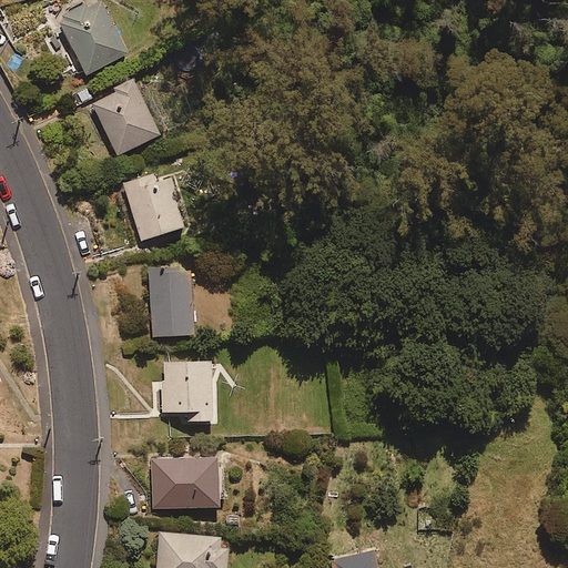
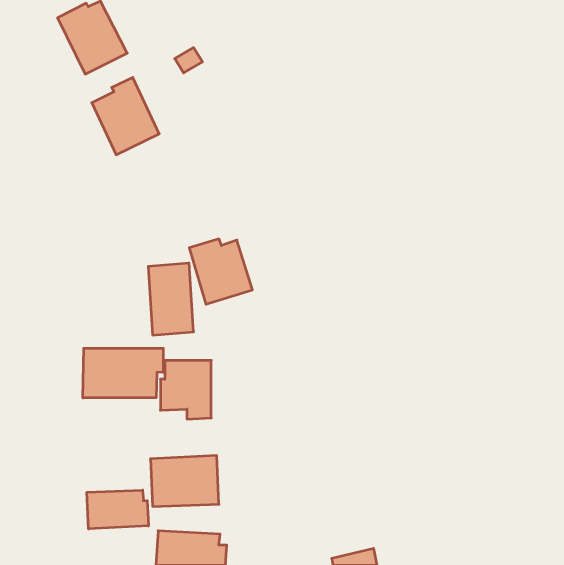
building: [123,174,186,240] -> [189,239,252,304]
building: none -> [83,348,163,398]
building: none -> [87,490,148,529]

